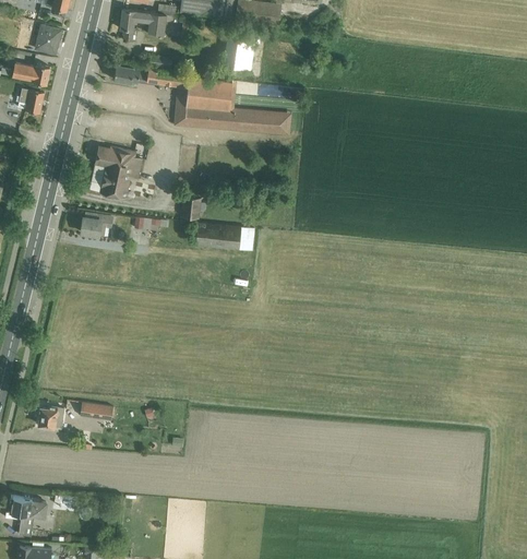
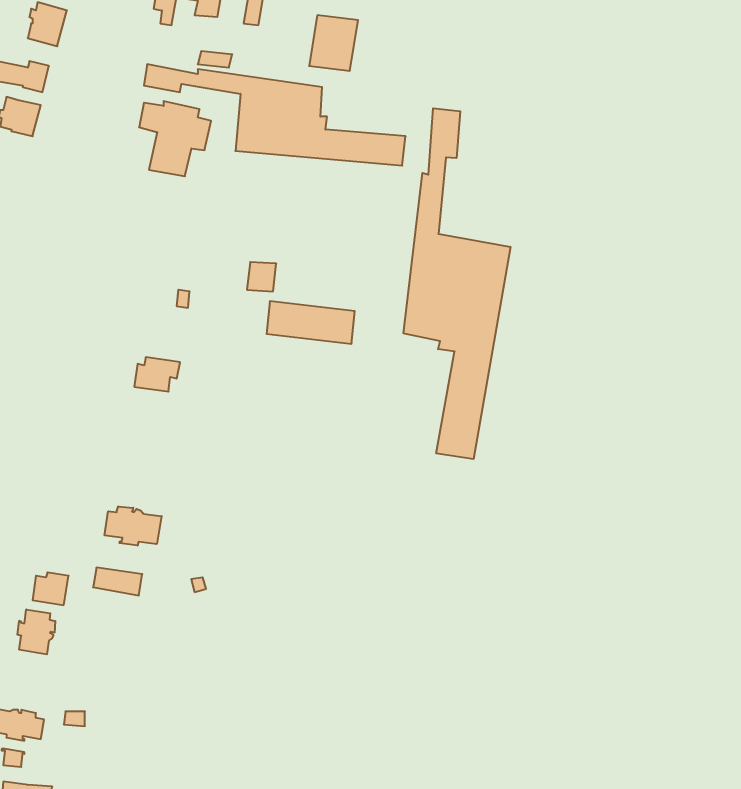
building: none -> [404,108,510,459]
building: [95,146,143,197] -> [139,101,211,176]
building: [81,213,111,236] -> [134,357,180,392]
building: none -> [105,506,162,546]
building: none -> [17,609,55,654]

